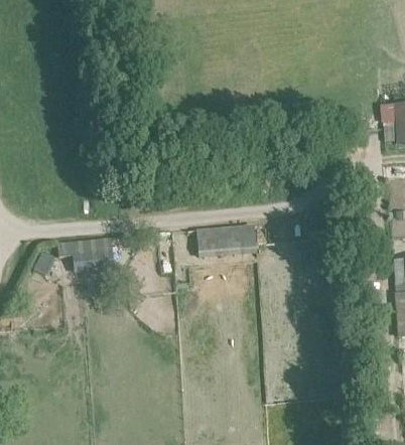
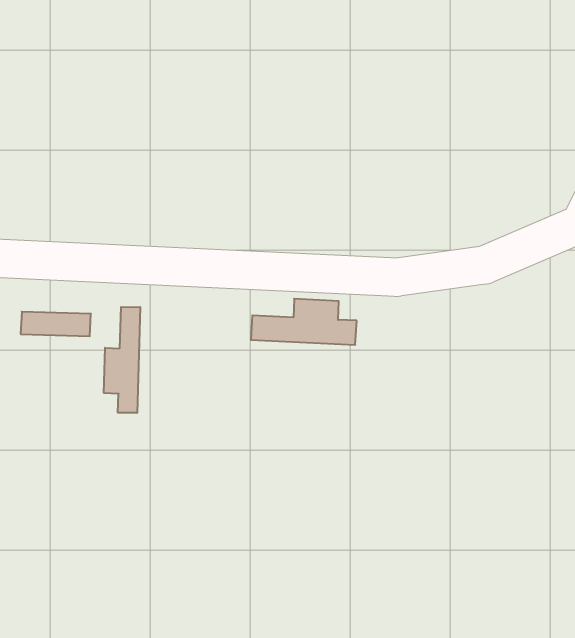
building: none -> [104,307,140,413]

